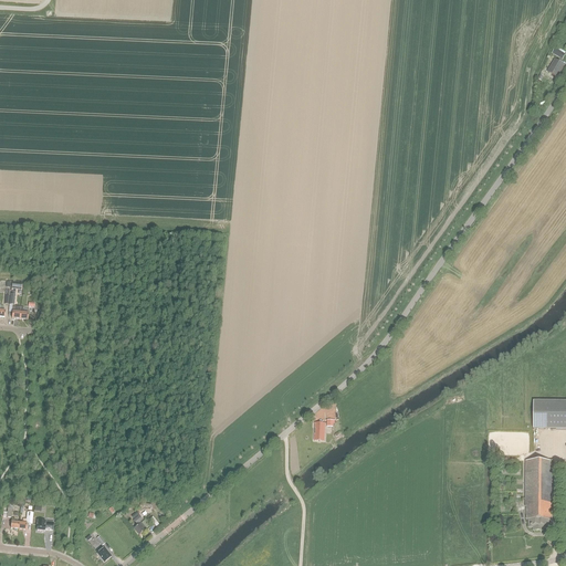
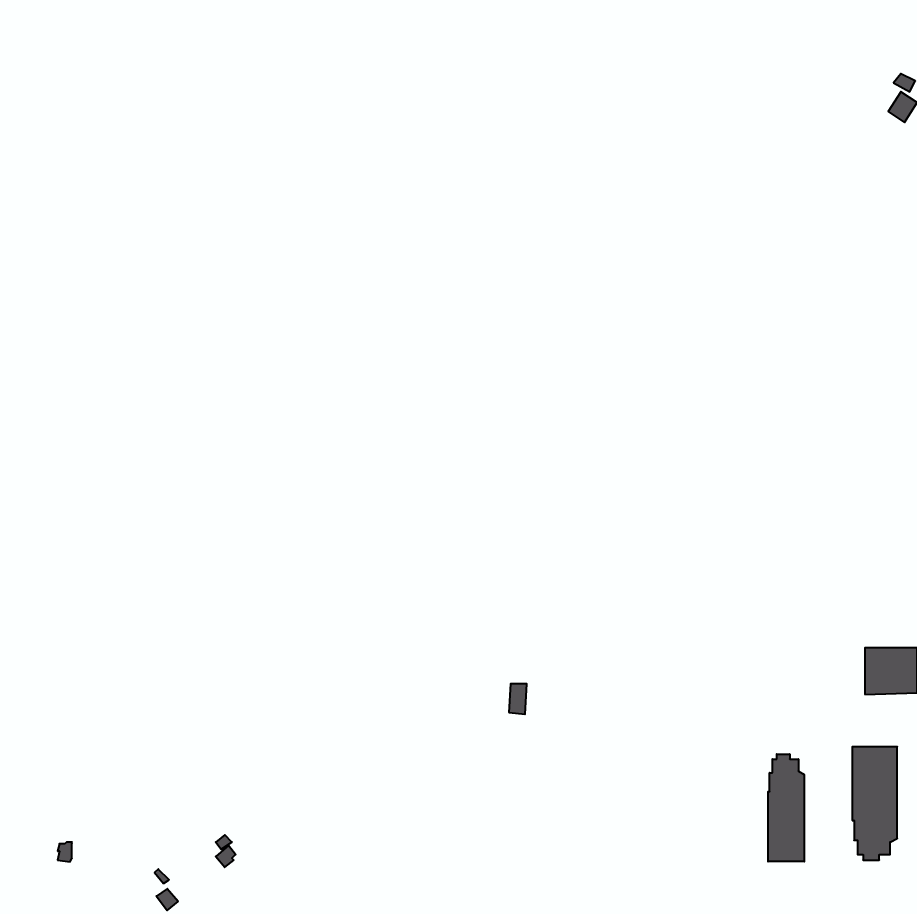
building: none -> [768,754,804,862]

